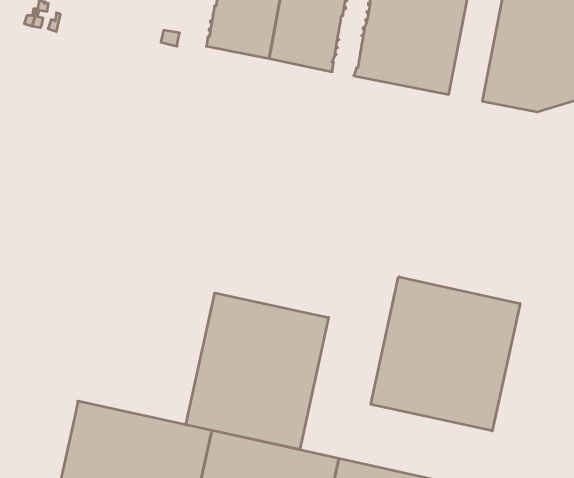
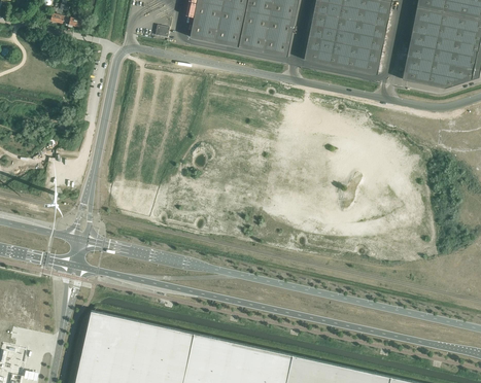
building: [371,277,520,431] -> none
building: [186,293,329,449] -> none

